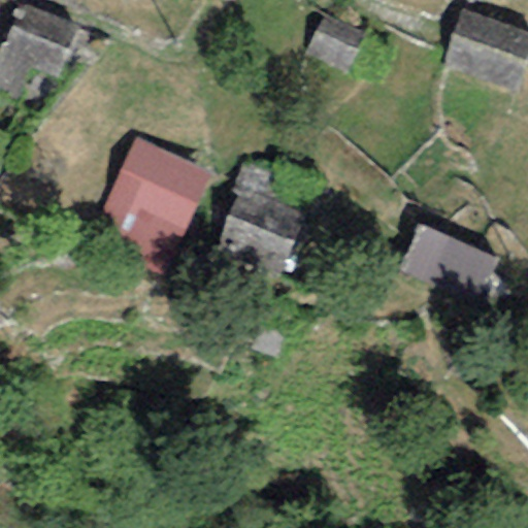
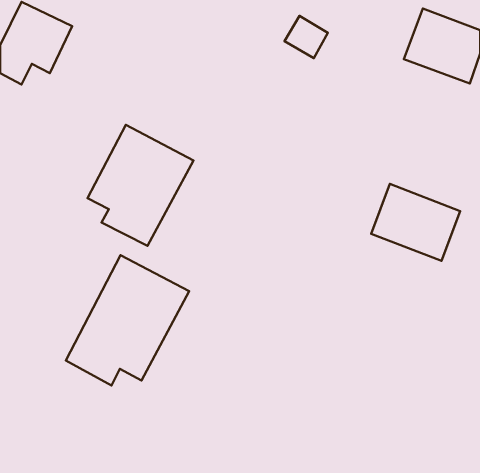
building: [219,190,298,265] -> none
building: none -> [66,255,189,386]

